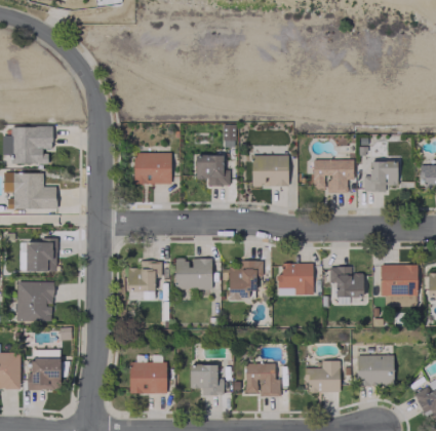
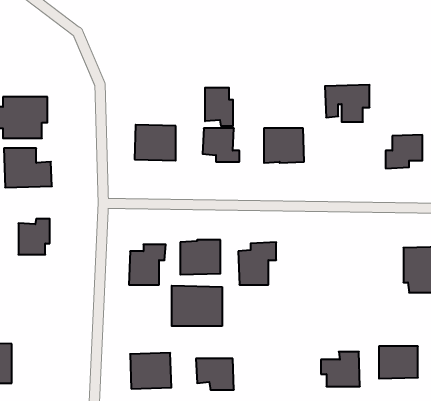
building: none -> [205,88,233,126]
building: [313,159,354,193] -> [325,85,370,122]
building: [278,263,314,295] -> none
building: [330,267,364,297] -> none
building: [17,281,53,321] -> none
building: none -> [172,286,222,326]
building: [30,359,61,390] -> none
building: [246,363,281,396] -> none

